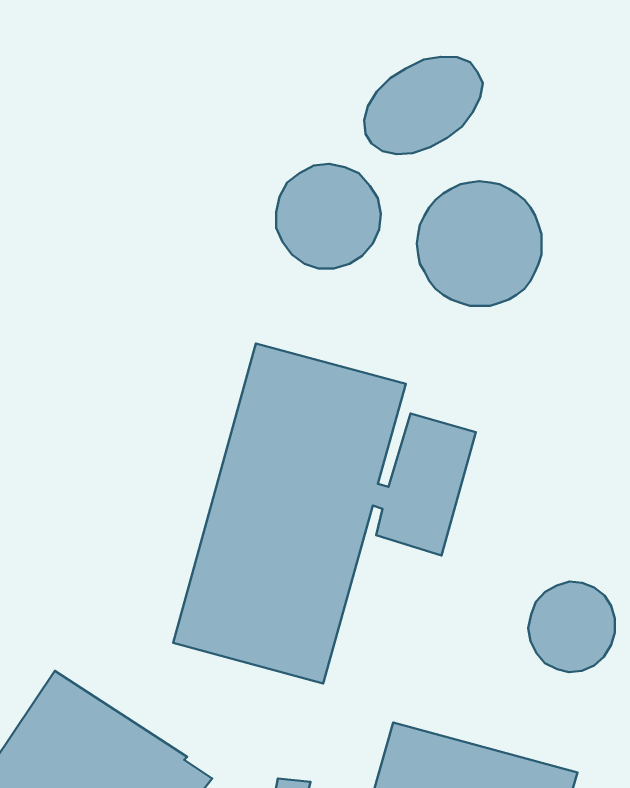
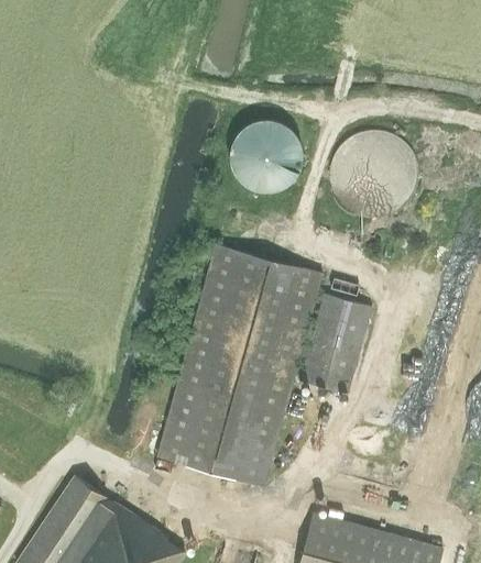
building: [364,57,483,154] -> none
building: [528,581,615,672] -> none

